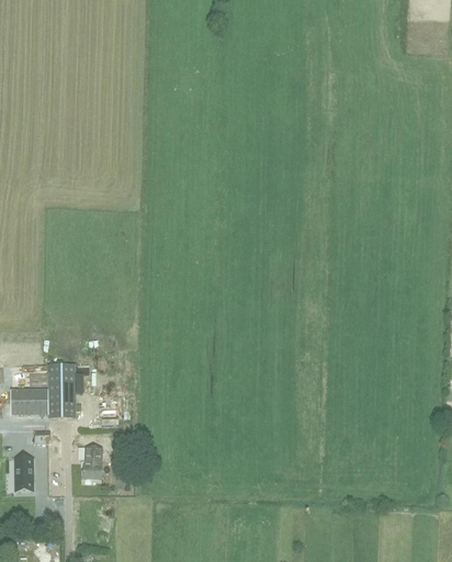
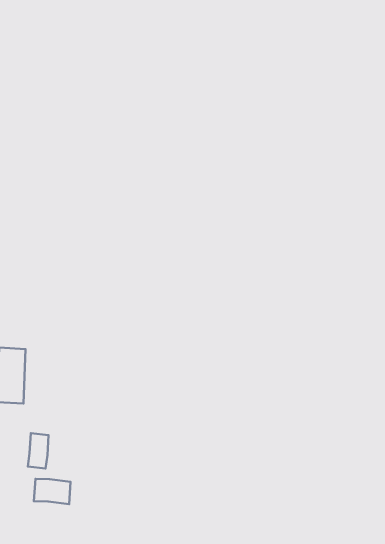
building: none -> [34,479,70,504]

